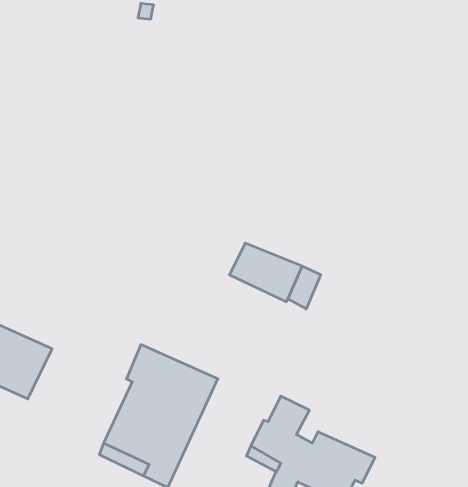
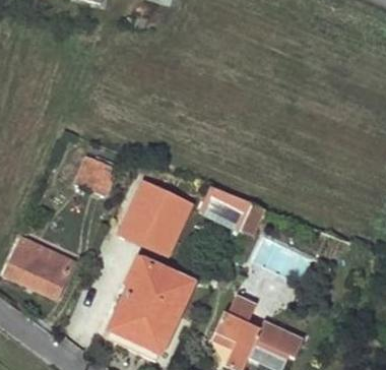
building: none -> [76,156,116,195]
building: none -> [119,181,192,254]

